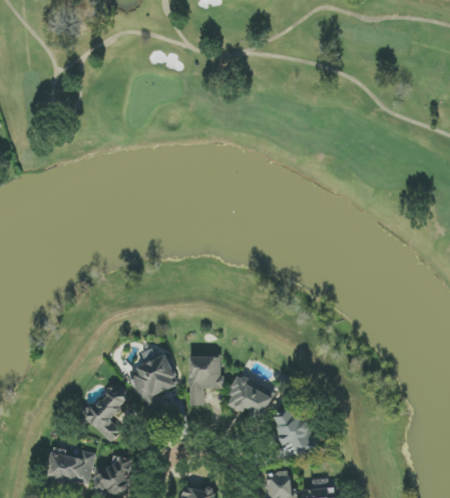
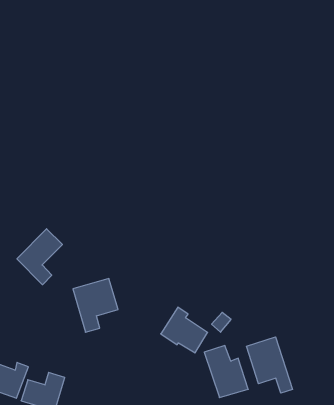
building: [188,356,221,405] -> none
building: [84,384,128,441] -> [17,229,62,285]
building: none -> [247,337,292,393]

